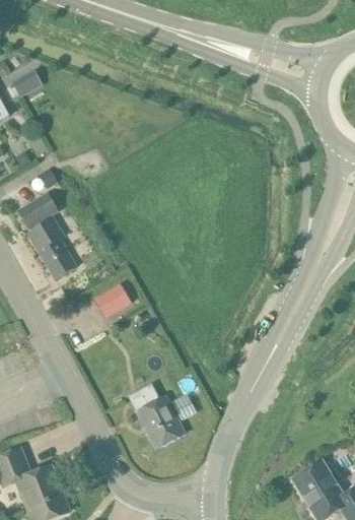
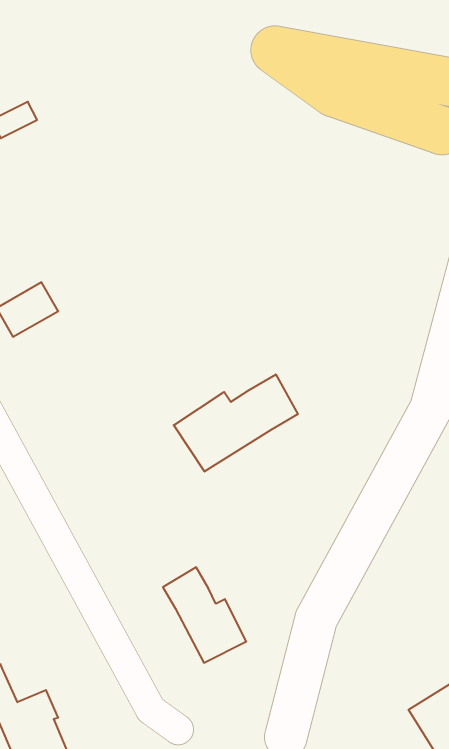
building: [29,218,77,279] -> none
building: none -> [174,374,298,472]
building: [94,284,132,318] -> none

